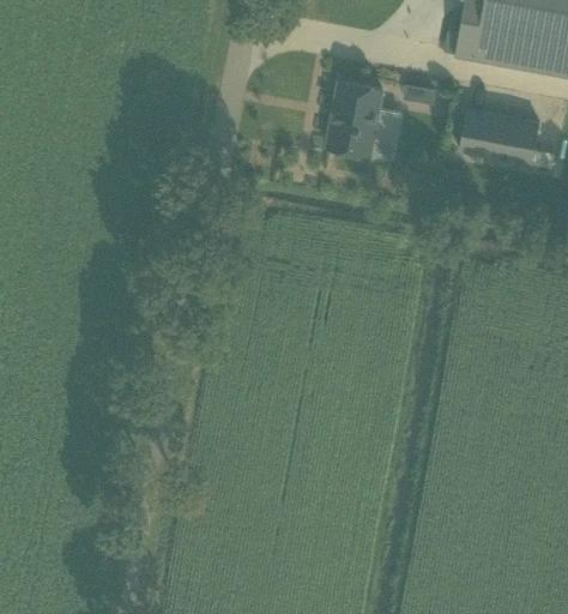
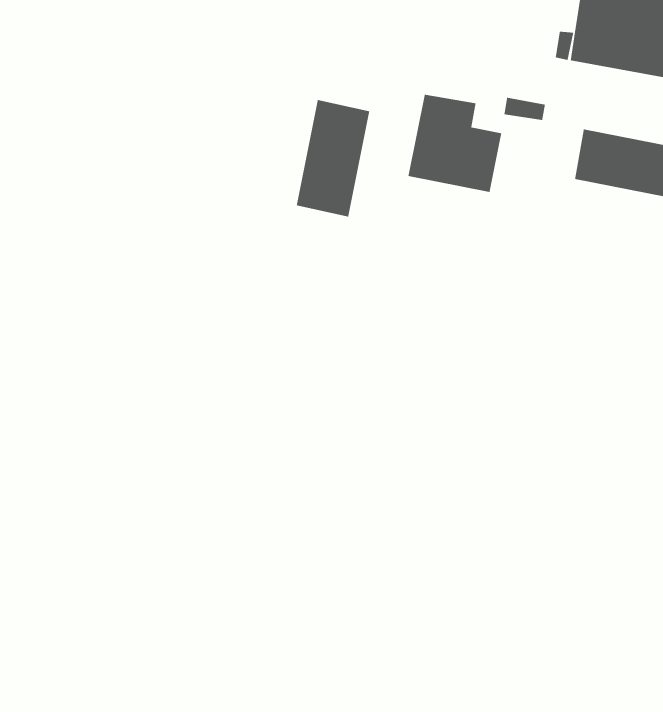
building: none -> [296,99,370,218]

